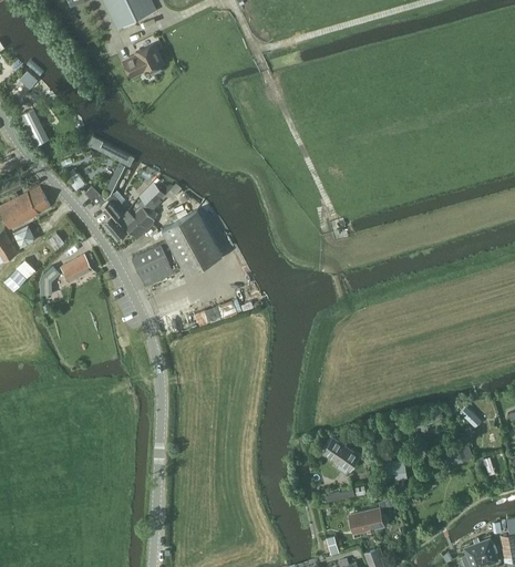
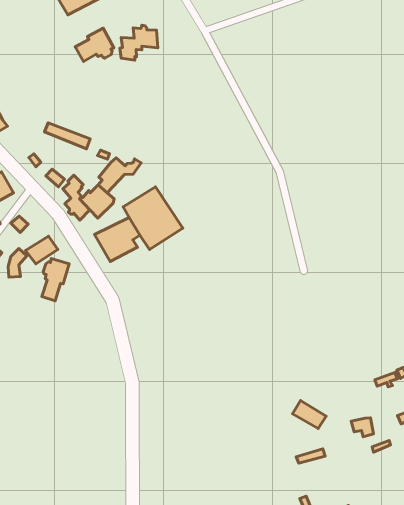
building: none -> [120,25,158,60]
building: none -> [42,258,69,301]
building: [351,509,384,533] -> none

